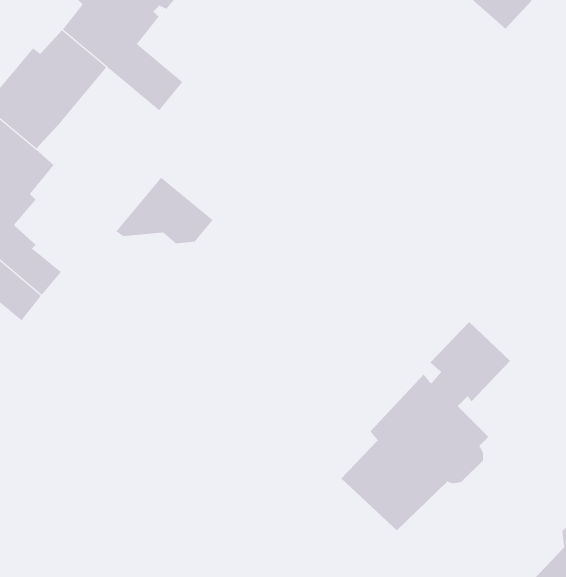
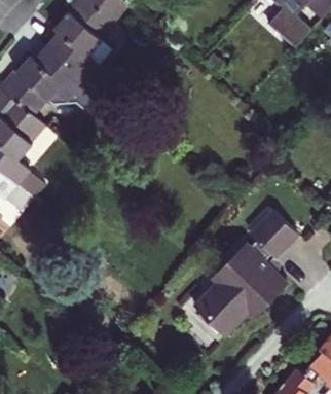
building: [116,177,213,244] -> [44,68,100,106]

